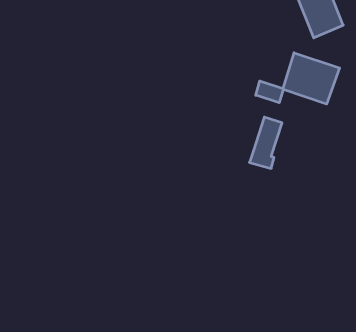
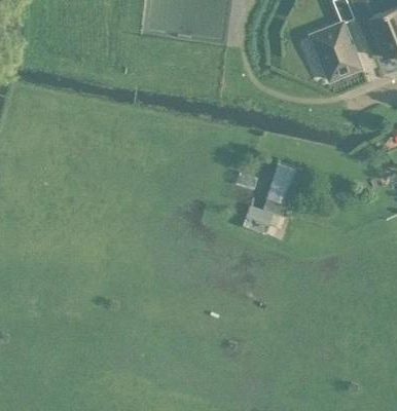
building: [256,53,340,104] -> none

